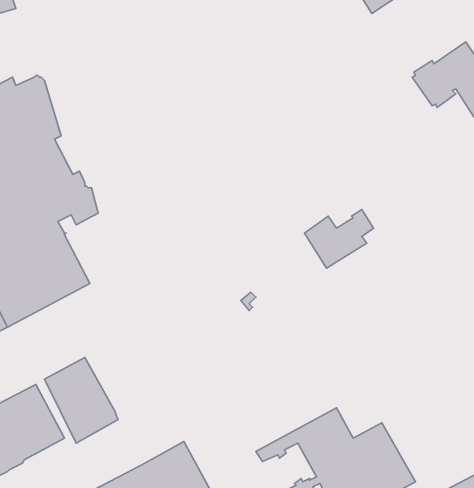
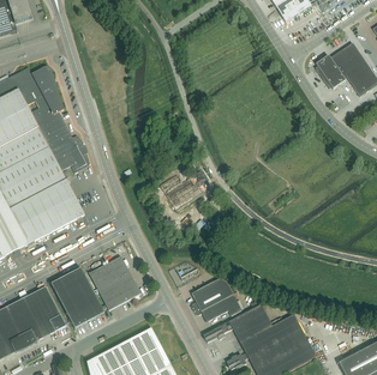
building: [305,210,373,268] -> [160,168,209,210]
building: none -> [89,255,140,309]
building: none -> [191,277,241,321]

